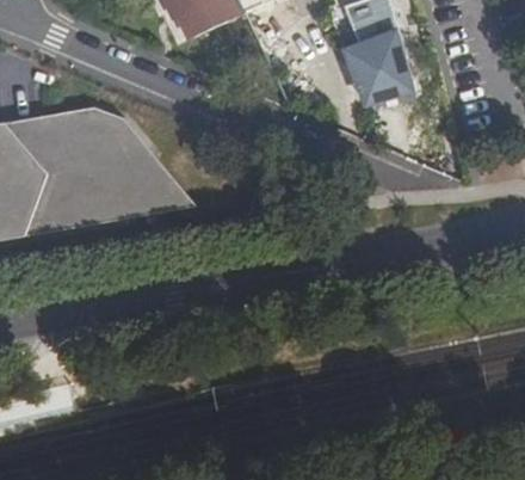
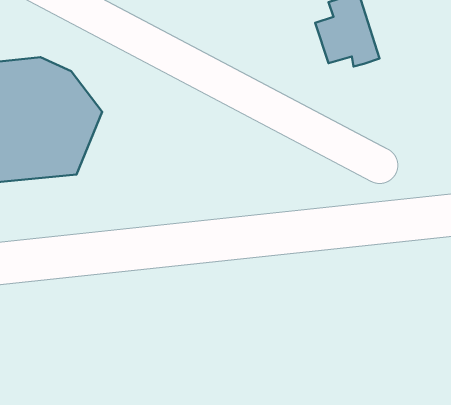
building: [129,154,193,215] -> none

